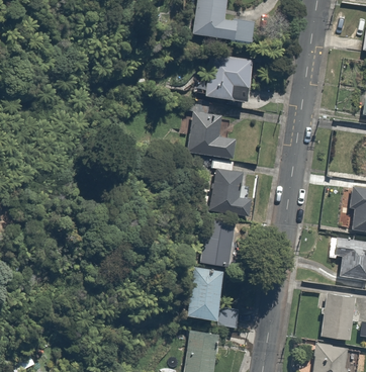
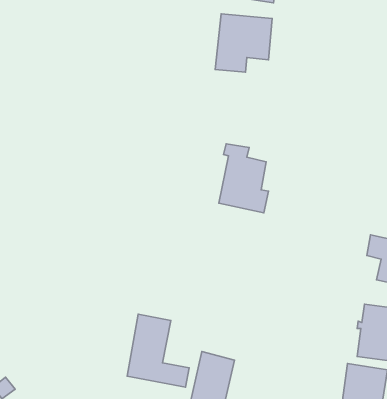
building: [188,110,237,158] -> none
building: [201,222,235,267] -> none
building: [186,266,238,327] -> [127,314,189,387]

